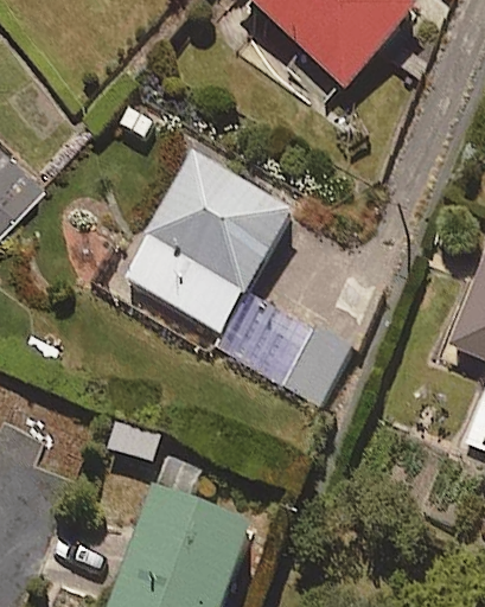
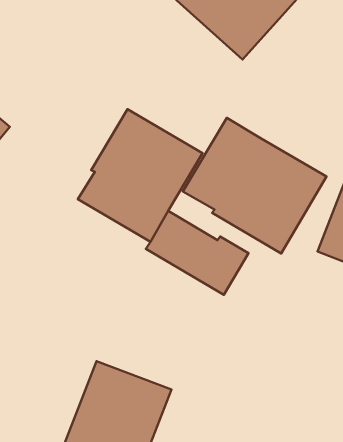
building: none -> [183,118,326,253]

